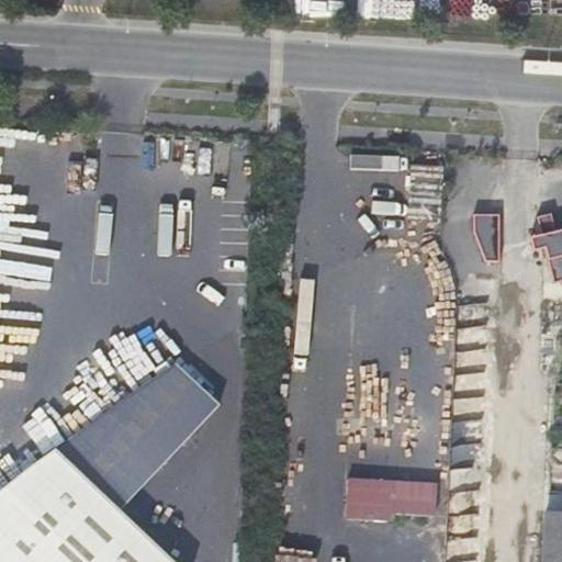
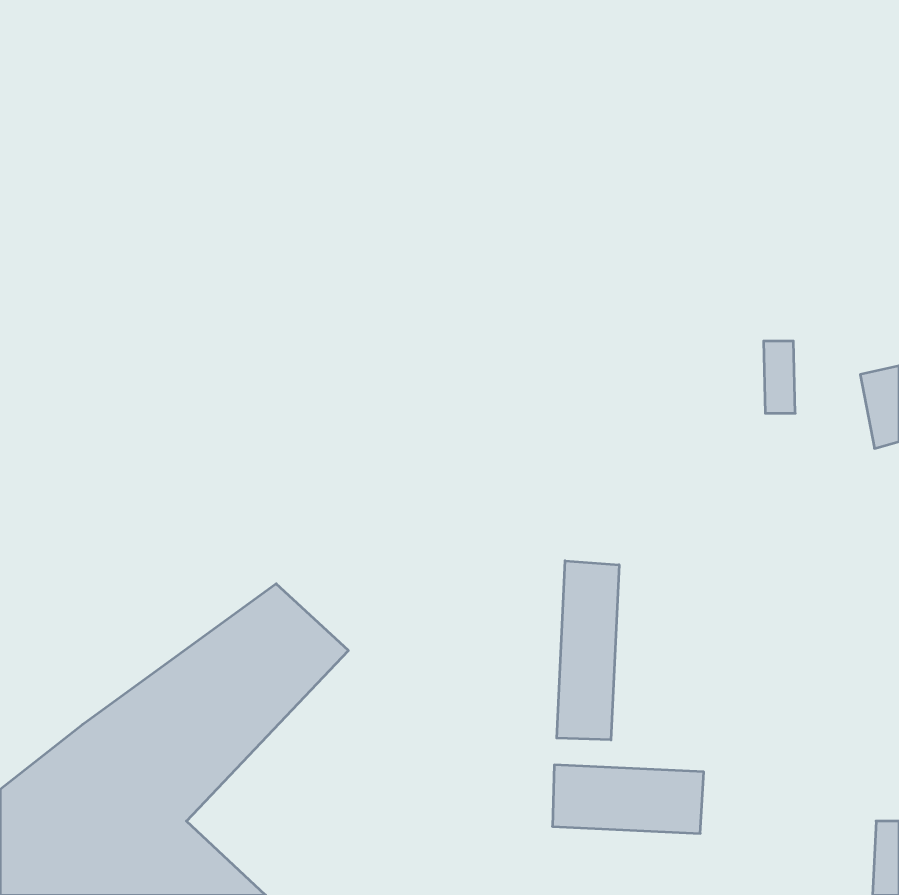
building: none -> [557,561,619,740]

